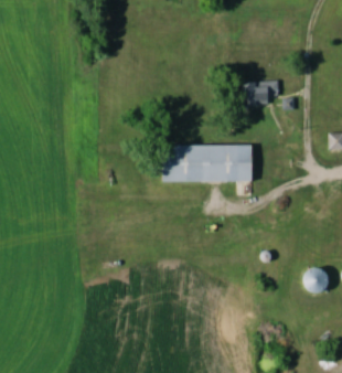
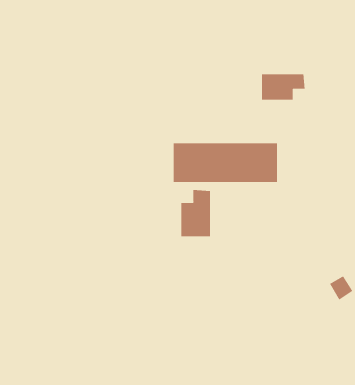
building: none -> [181,189,210,237]

